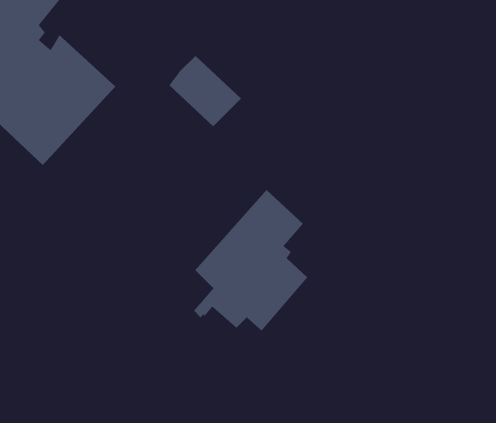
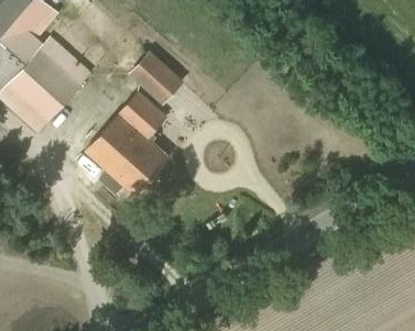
building: [193,189,308,332] -> [84,92,168,197]

